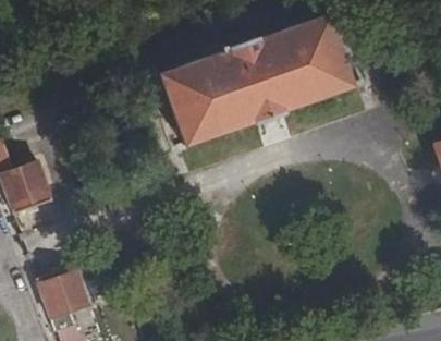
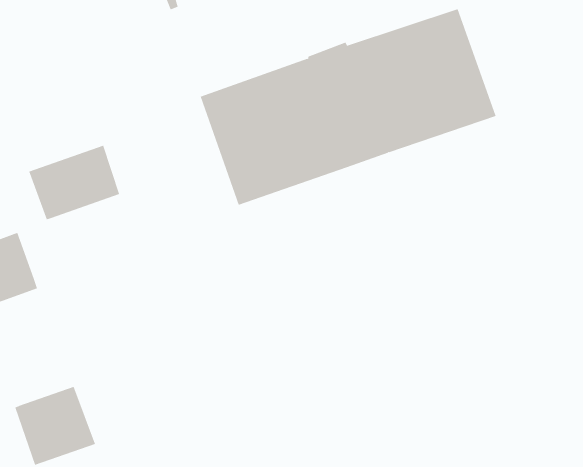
building: none -> [29,145,120,220]

